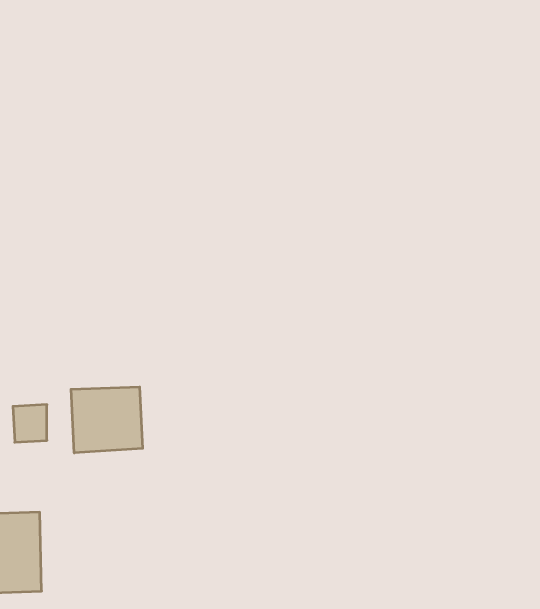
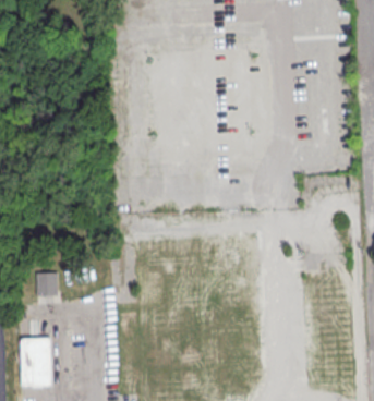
building: [71,387,143,453] -> none

